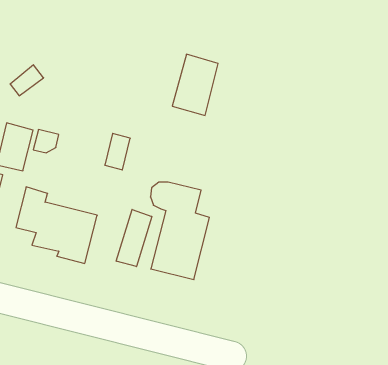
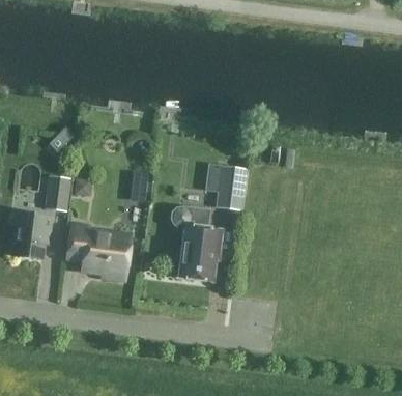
building: [172,54,218,115] -> [214,164,247,210]
building: [116,209,152,267] -> none

